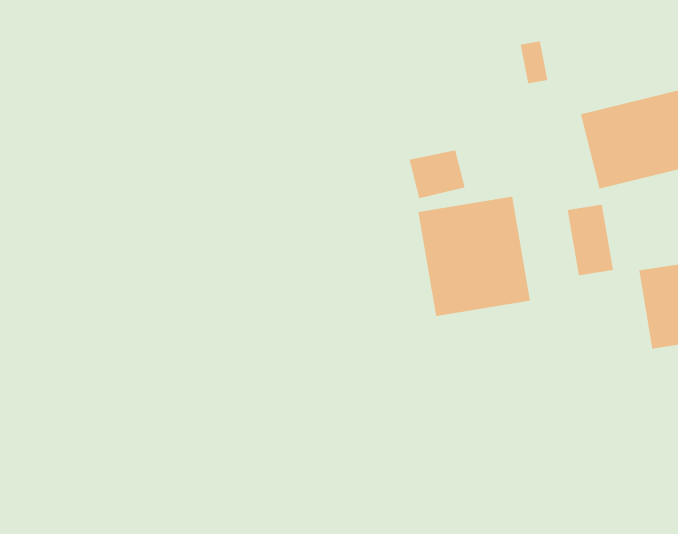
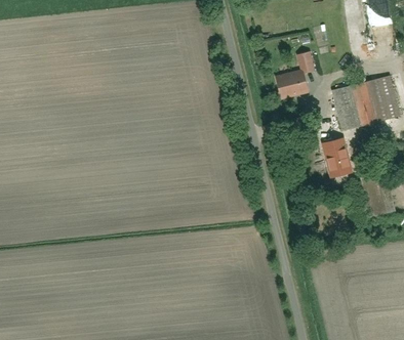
building: [409,150,465,199] -> [275,71,306,97]
building: [418,196,531,317] -> none

